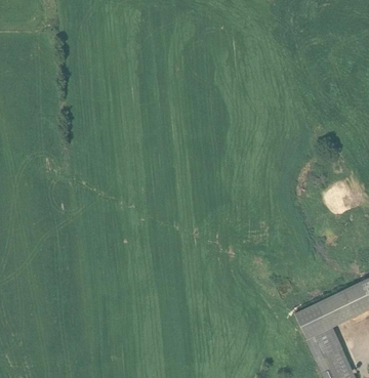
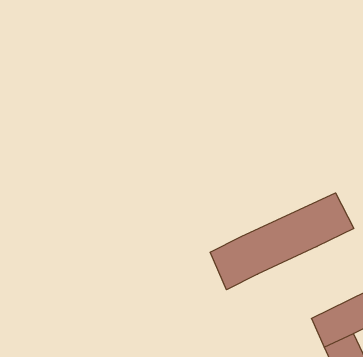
building: none -> [210,193,354,290]

